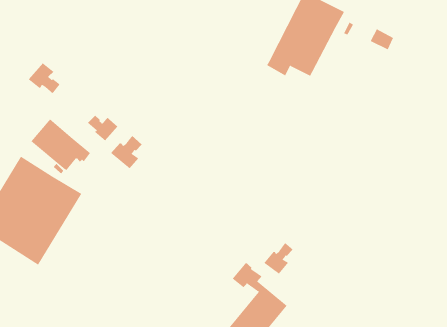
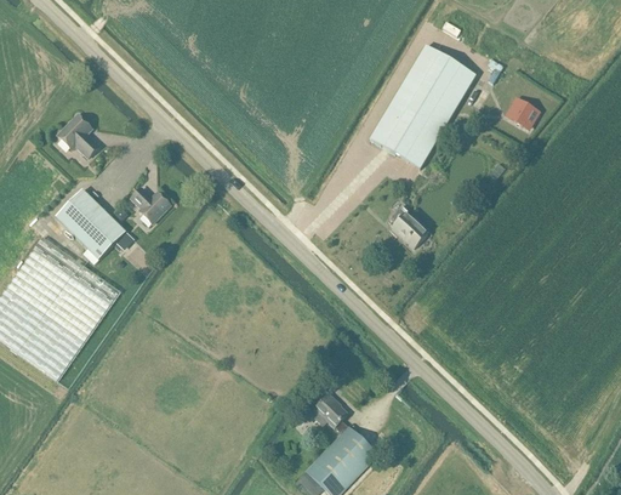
building: none -> [389,204,428,247]
building: [110,135,143,169] -> none
building: [264,242,293,274] -> none

